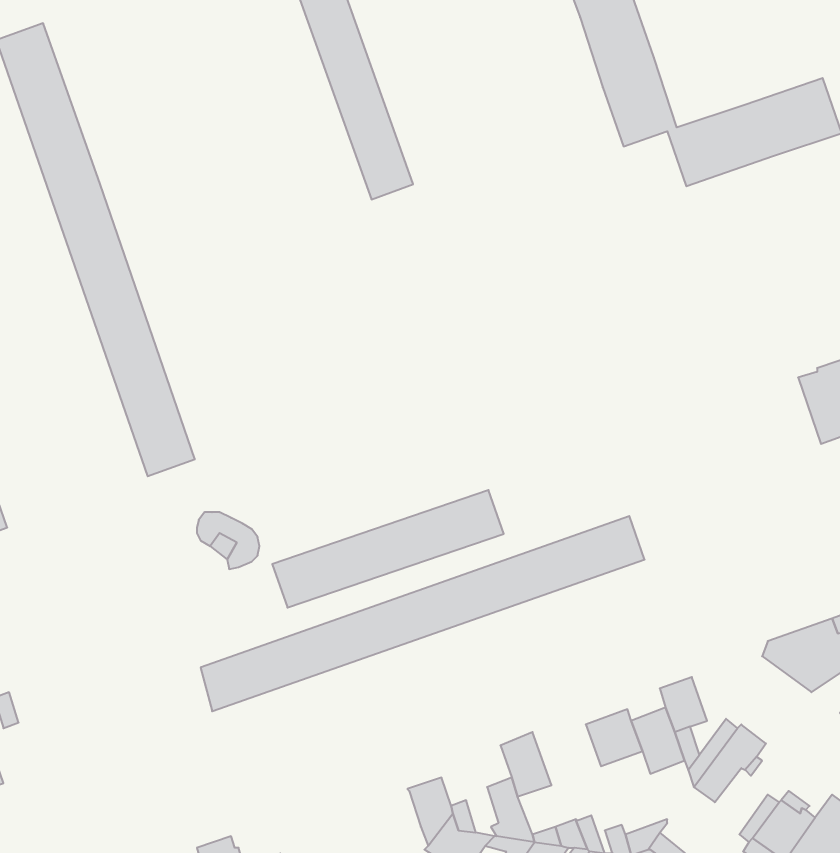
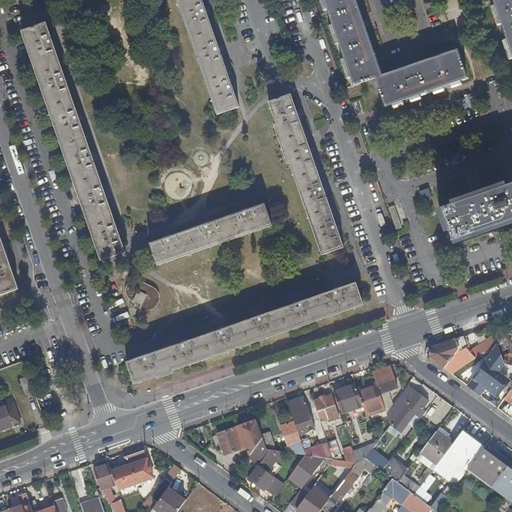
building: none -> [269,93,345,254]
building: [272,490,504,608] -> [149,202,271,264]
building: none -> [312,395,338,426]
building: none -> [218,426,244,452]

